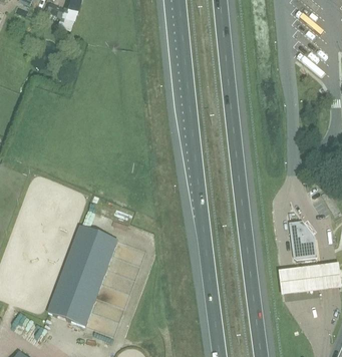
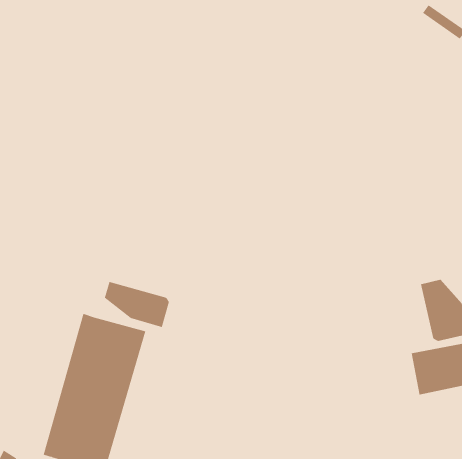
building: none -> [104,281,169,328]

